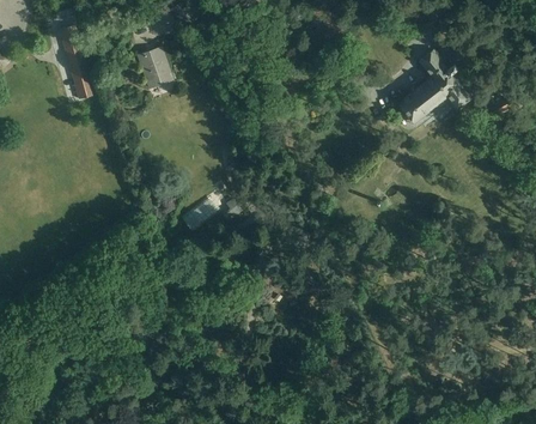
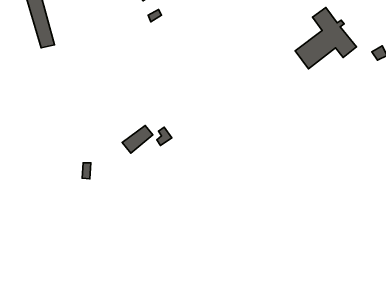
building: [136,46,173,89] -> none

